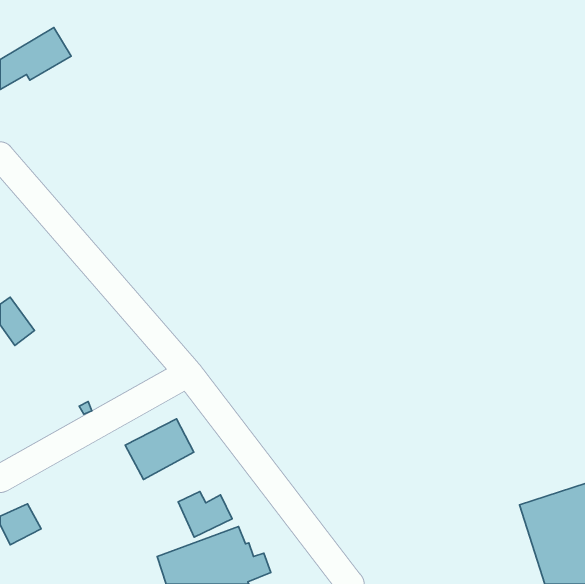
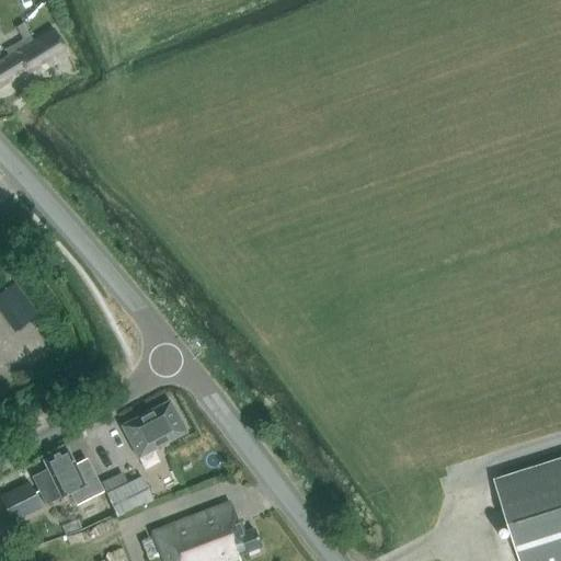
building: none -> [31,448,83,503]
building: [178,491,232,537] -> [102,472,153,516]

